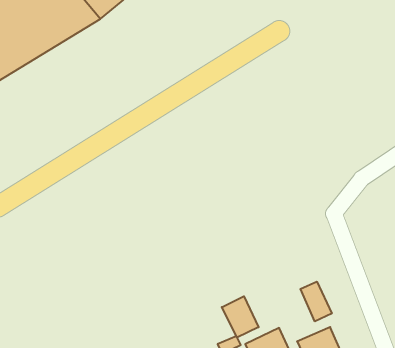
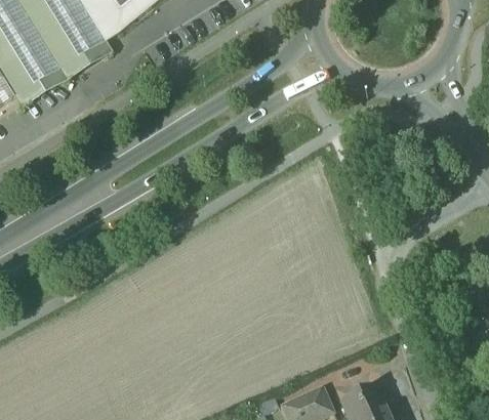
building: [300,282,332,321] -> none
building: [222,296,259,337] -> none

